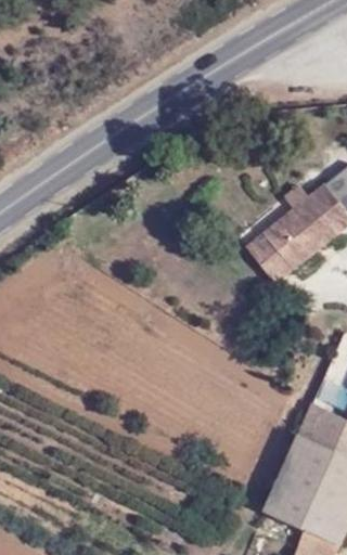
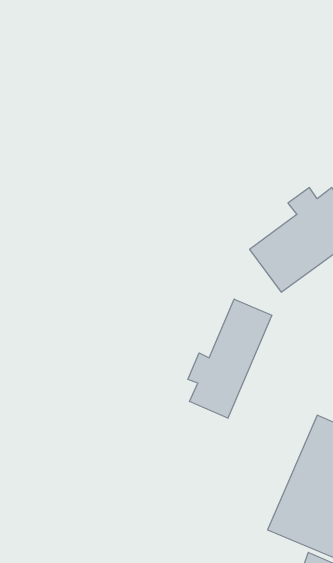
building: none -> [188,299,272,418]

